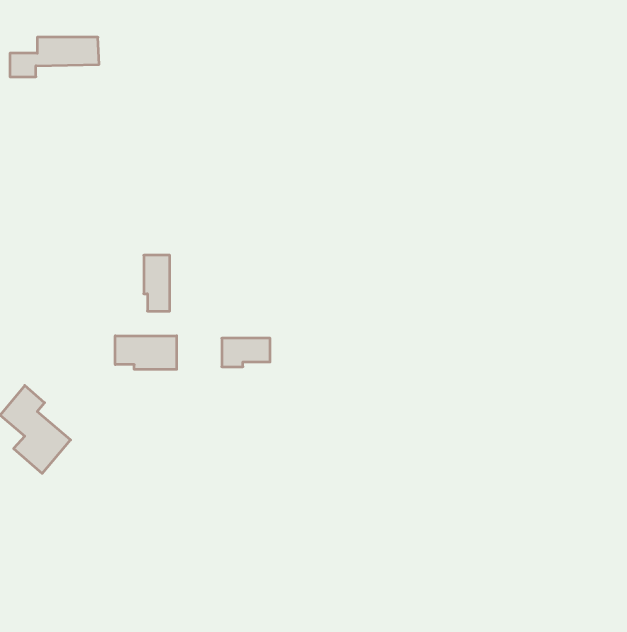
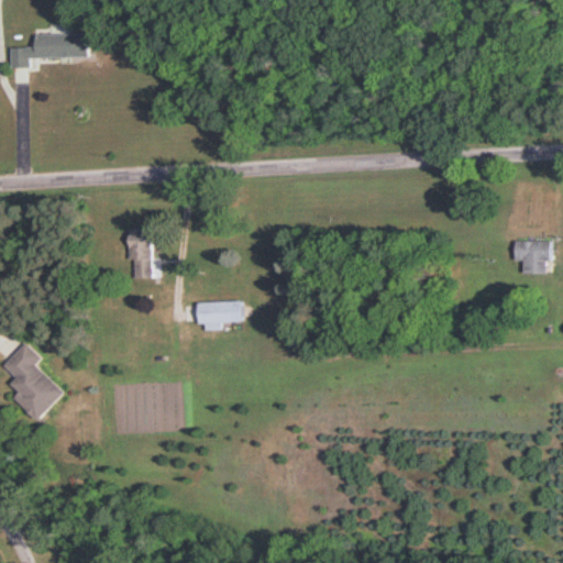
building: none -> [514,240,549,273]
building: [115,336,177,369] -> none

